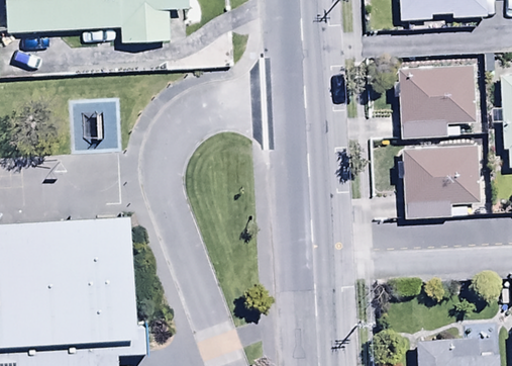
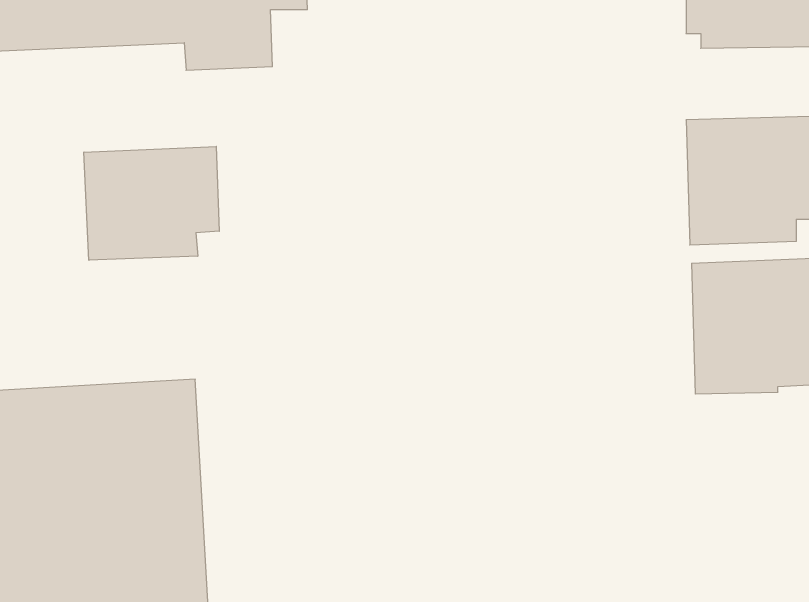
building: none -> [84,146,219,260]

